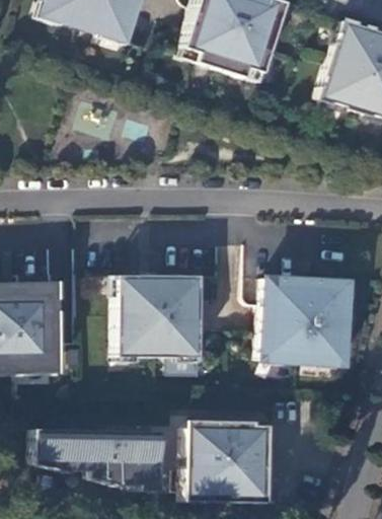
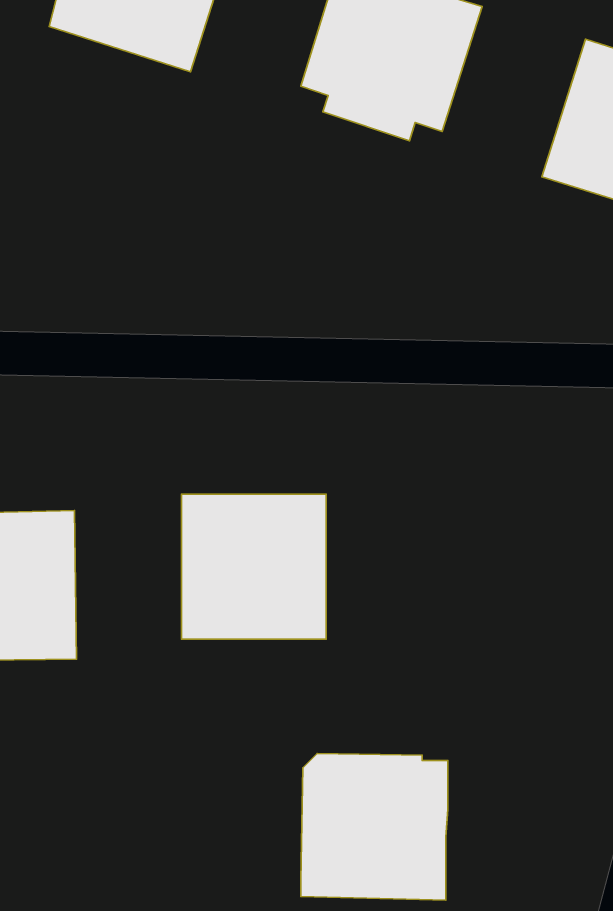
building: [261,279,350,365] -> none
building: [36,430,163,493] -> none

